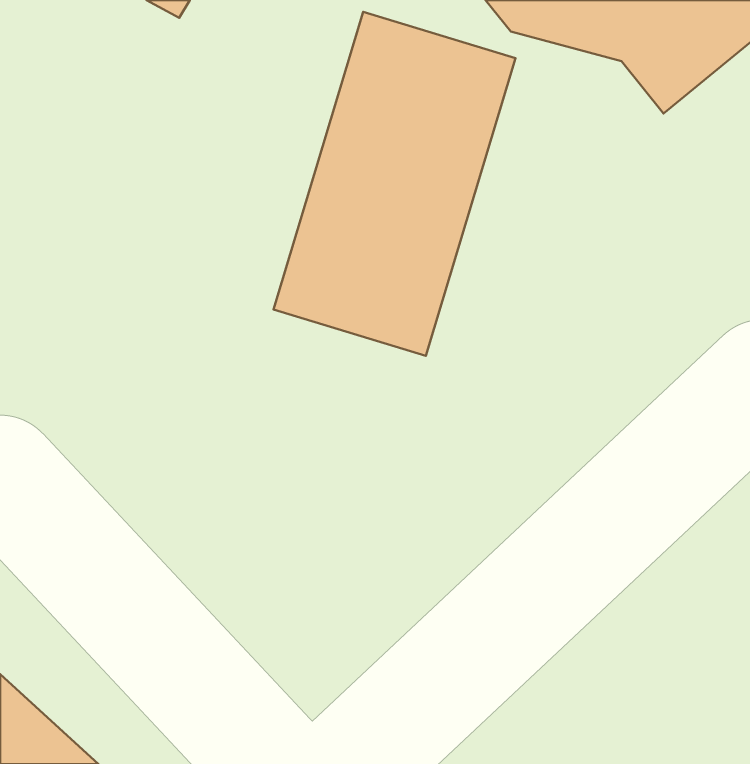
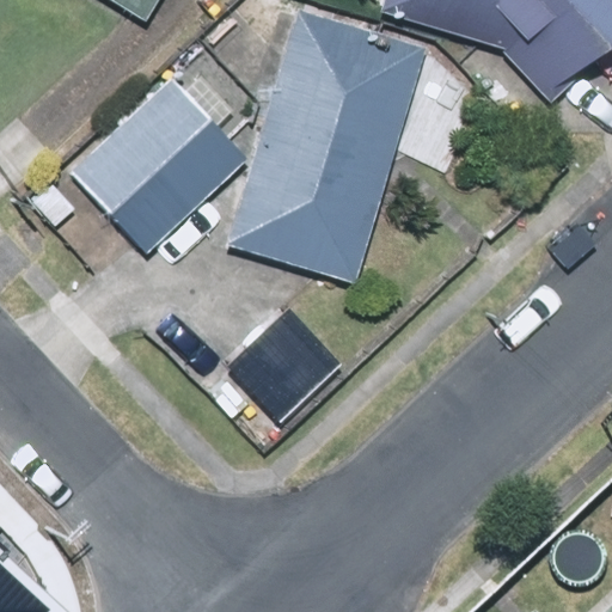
building: none -> [68,71,251,252]

